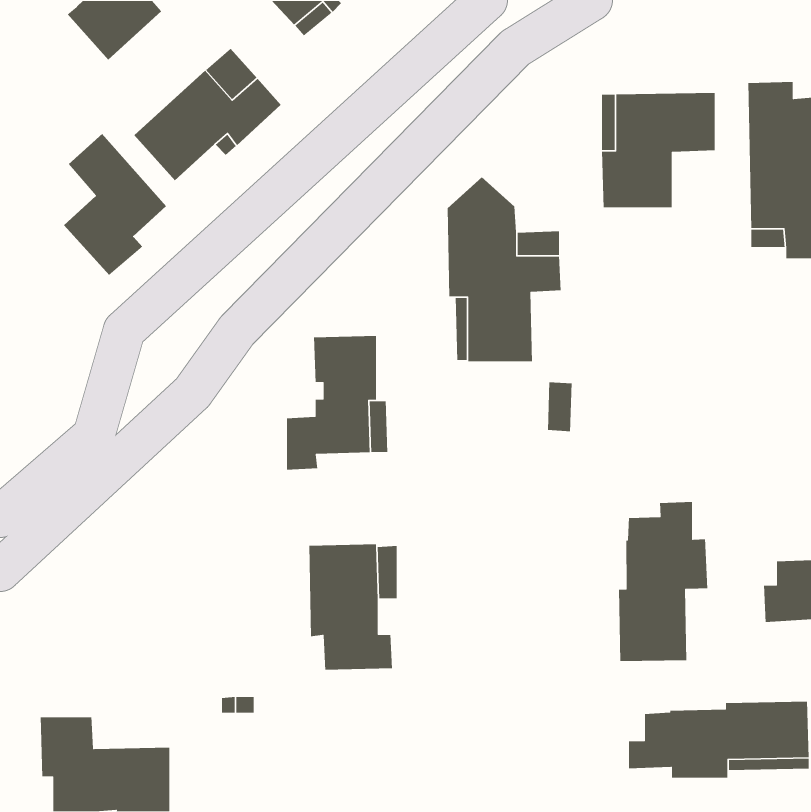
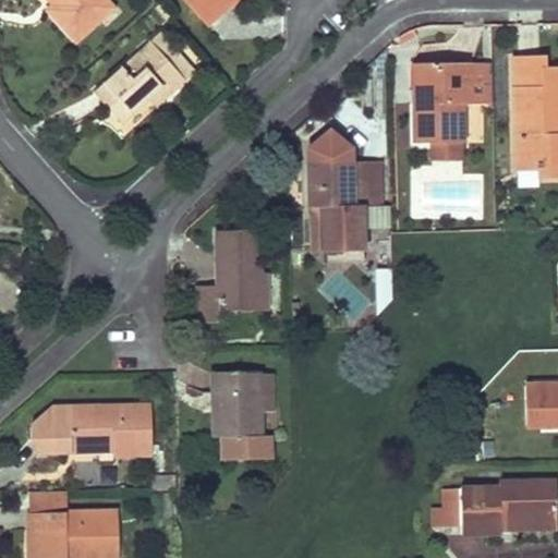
building: [63,133,167,276] -> none
building: [618,501,708,662] -> none
building: none -> [29,405,151,454]

